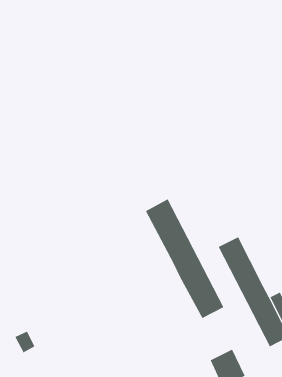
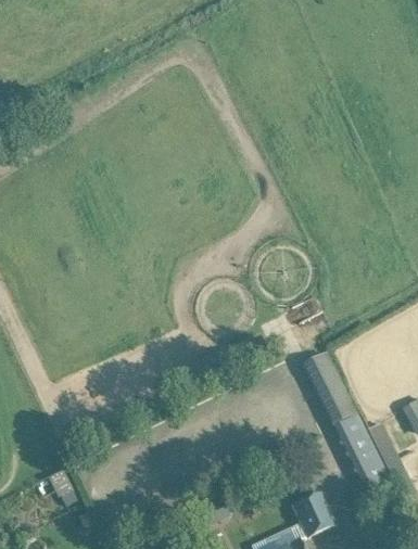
building: [145,199,224,319] -> none

